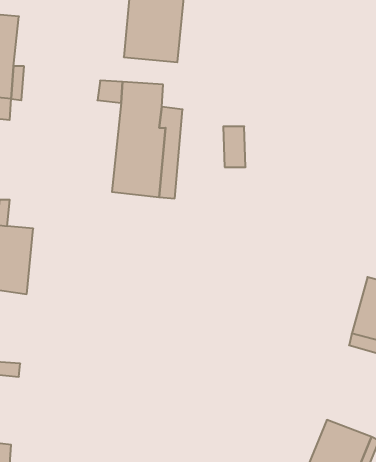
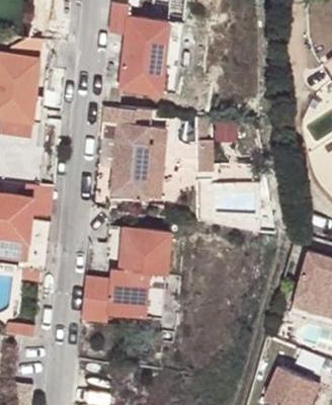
building: none -> [80,225,170,317]

